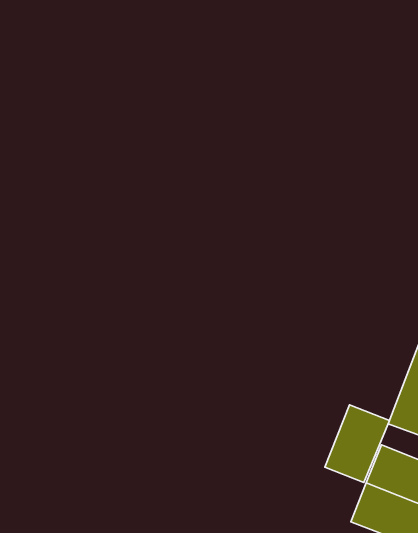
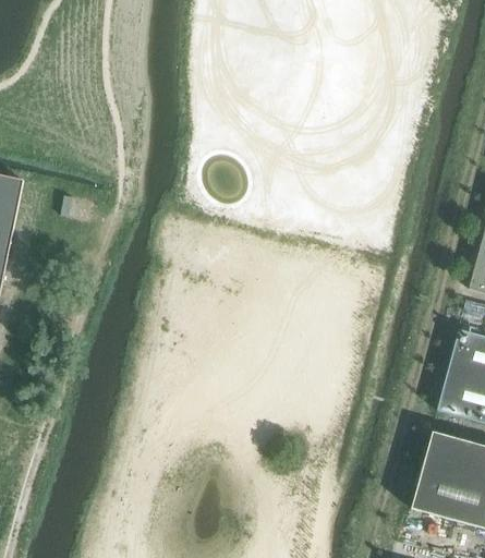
building: [325,405,389,482] -> none

